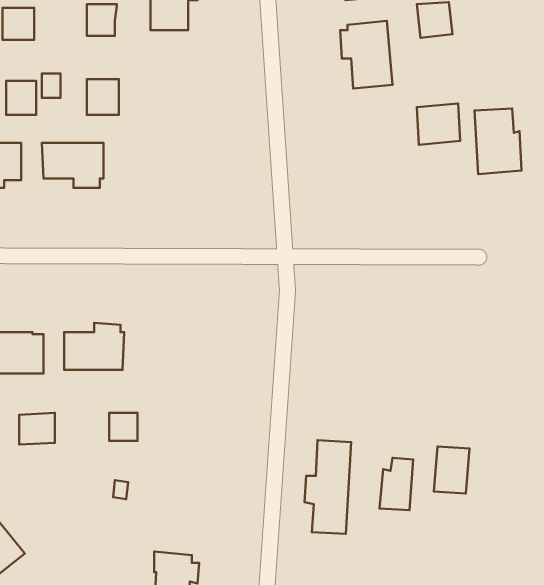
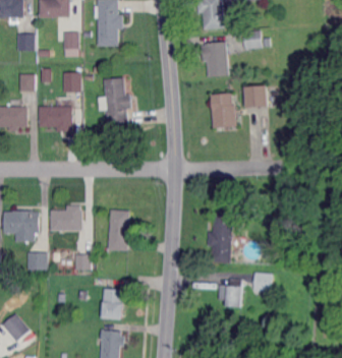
building: none -> [103,78,131,128]
building: [475,109,521,174] -> [209,94,234,129]
building: none -> [108,210,132,251]
building: [304,440,351,534] -> [207,213,232,263]
building: none -> [101,289,123,319]

